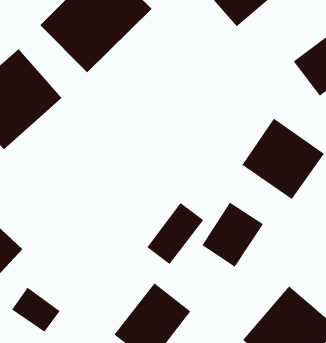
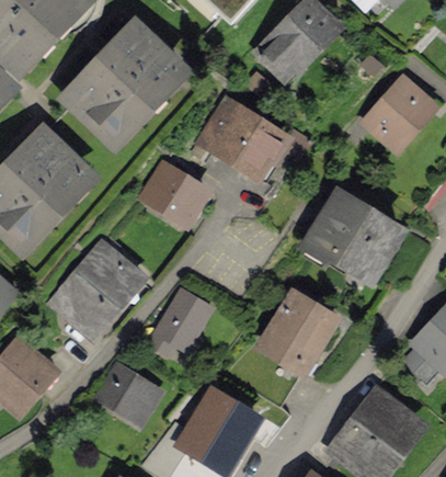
building: none -> [195,101,290,186]
building: none -> [141,157,207,223]
building: none -> [53,239,146,333]
building: [146,202,204,265] -> [148,283,213,356]
building: [11,287,60,333] -> [103,361,160,412]

